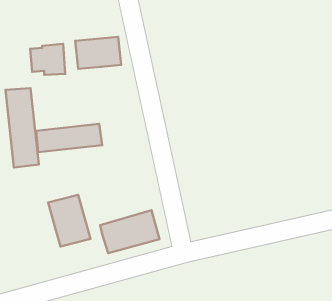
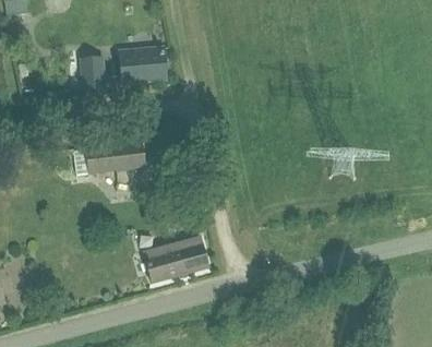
building: [5,88,39,168] -> none
building: [48,195,90,247] -> none

